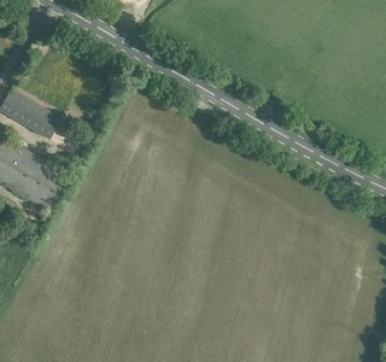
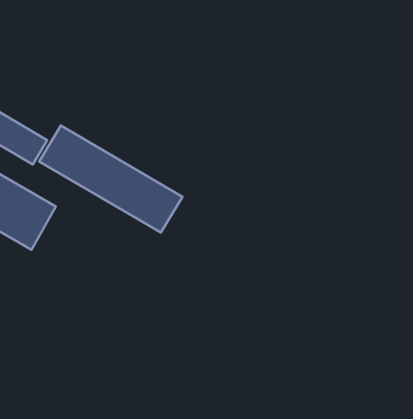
building: none -> [39,126,182,233]

